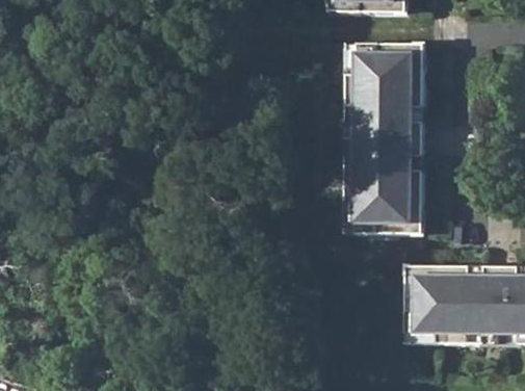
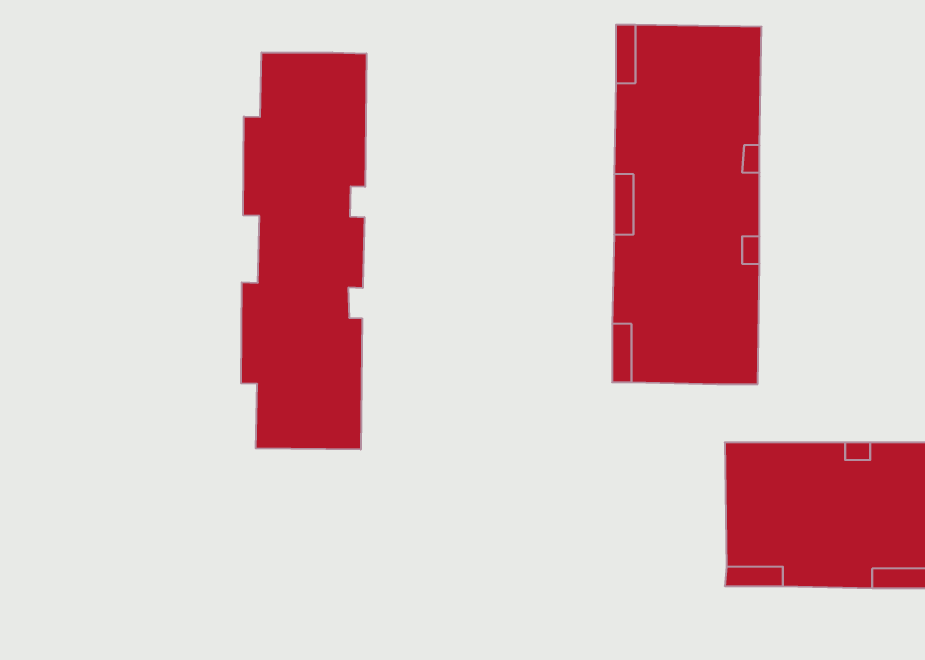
building: none -> [241,52,366,450]

